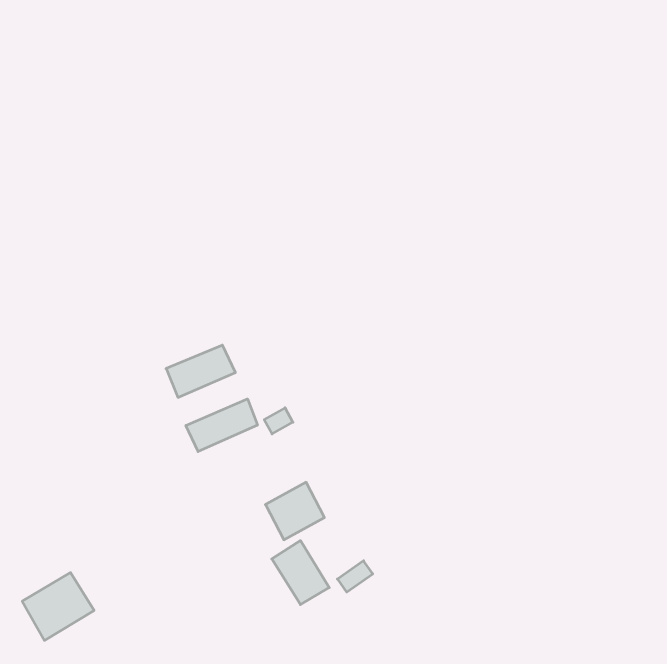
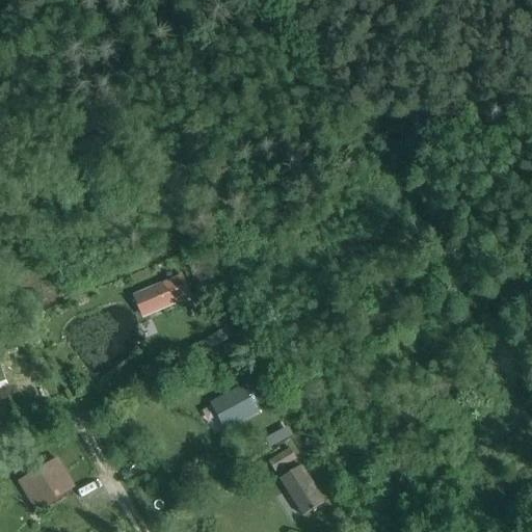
building: [186,399,257,452] -> none
building: [272,541,329,605] -> [280,463,325,514]

